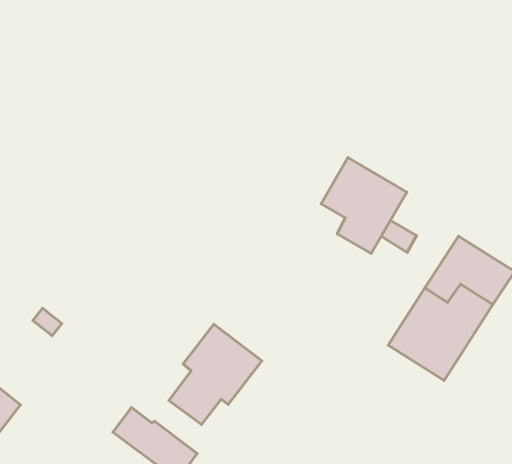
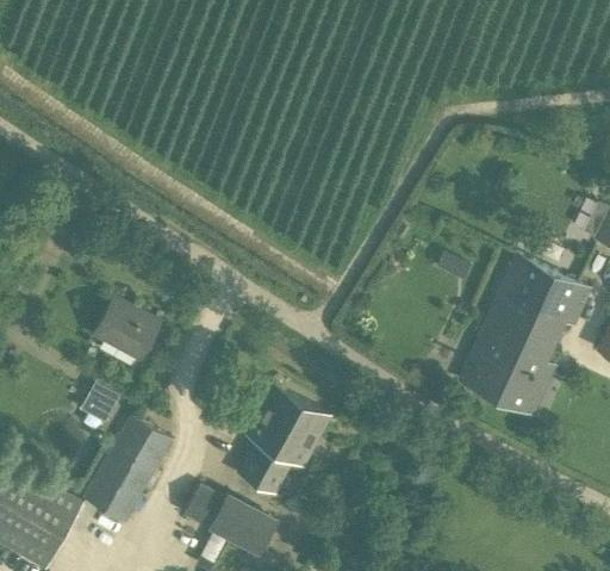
building: [321,157,407,254] -> none
building: none -> [95,299,161,360]
building: none -> [70,420,173,535]

